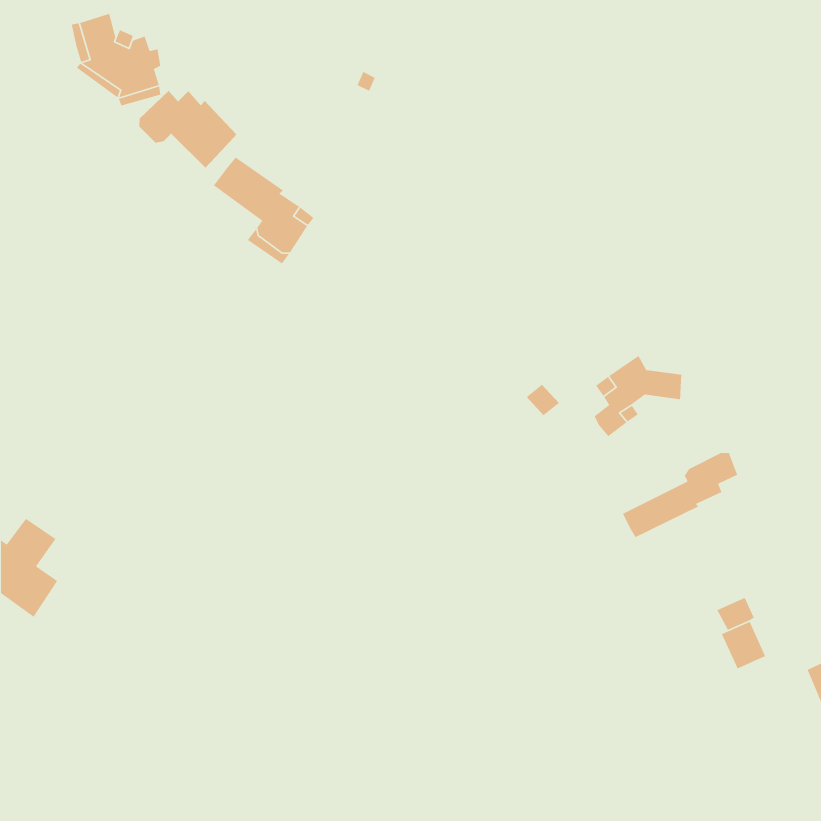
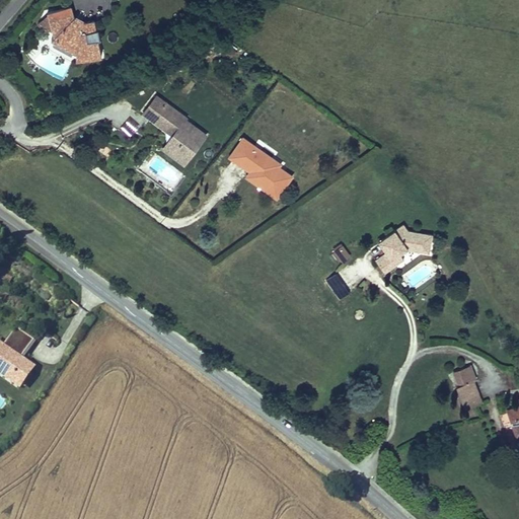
building: [138,90,237,168] -> none
building: none -> [230,135,299,199]
building: [622,452,738,538] -> none

